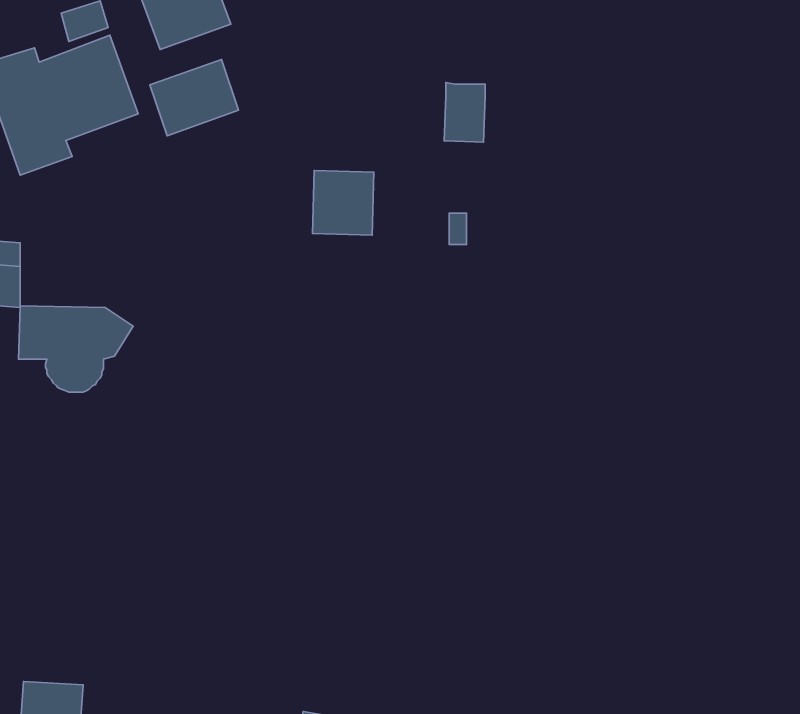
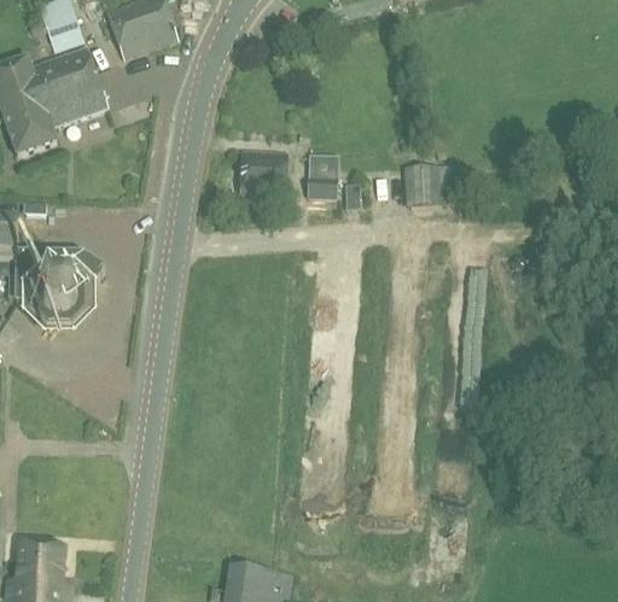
building: [150,59,239,136] -> none
building: [444,83,485,142] -> [307,154,338,200]
building: none -> [407,166,448,206]

